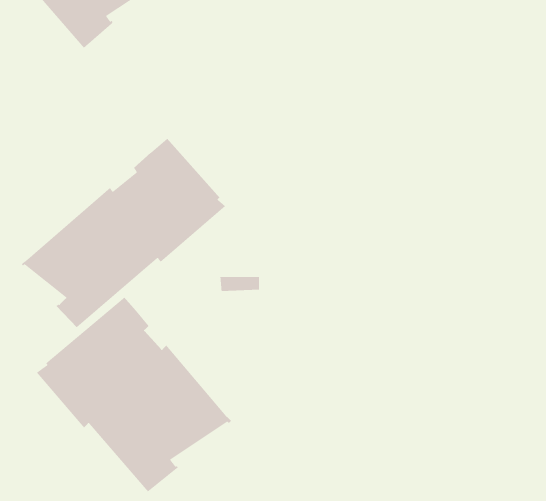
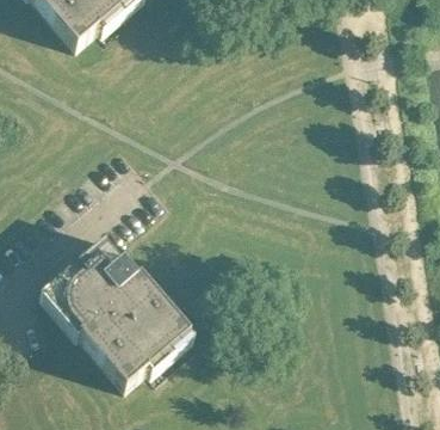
building: [21,138,226,328] -> none

